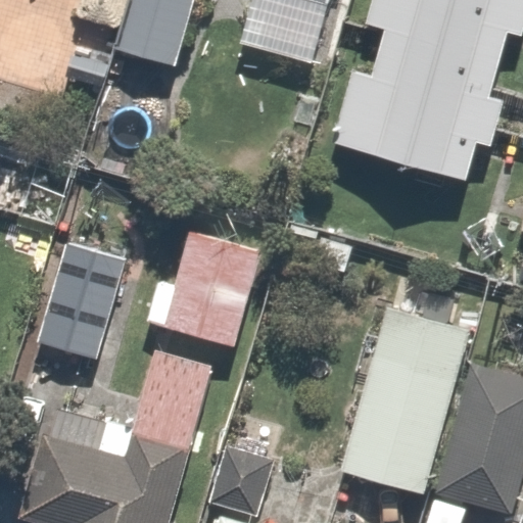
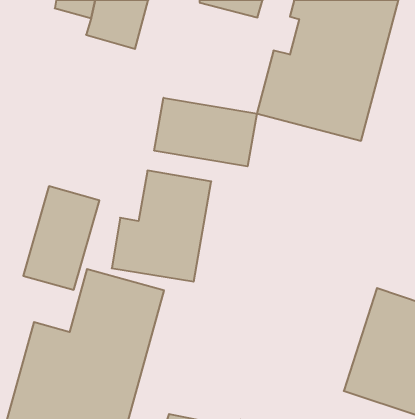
building: none -> [154,98,257,166]
building: [339,308,482,500] -> none

